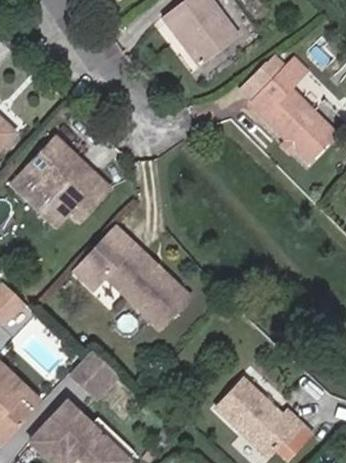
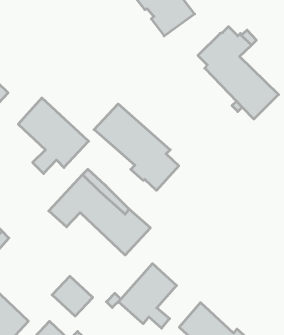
building: none -> [94,104,179,190]
building: [14,169,61,214] -> none
building: none -> [118,264,177,328]

